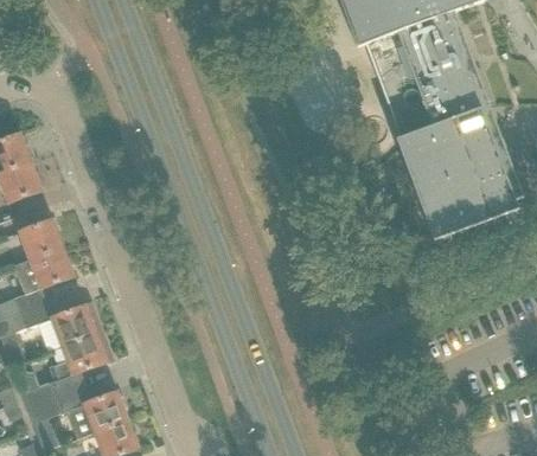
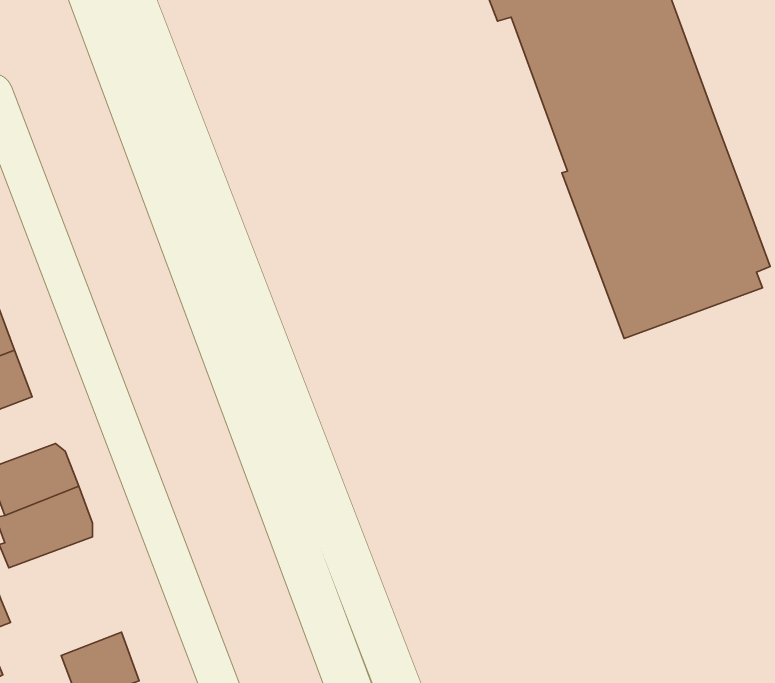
building: [81,390,128,432] -> none

